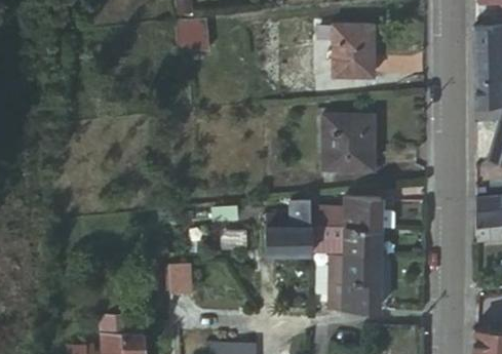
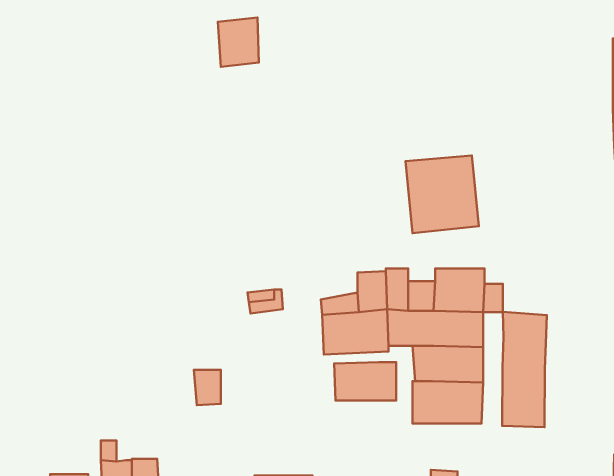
building: [331,23,373,73] -> none
building: none -> [502,312,547,427]
building: none -> [334,362,396,400]

